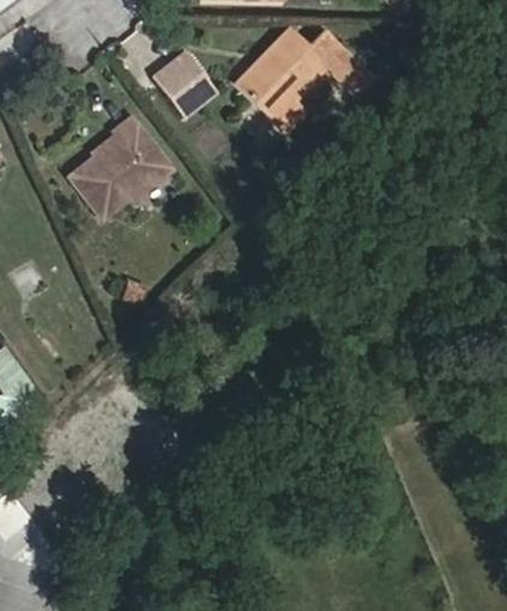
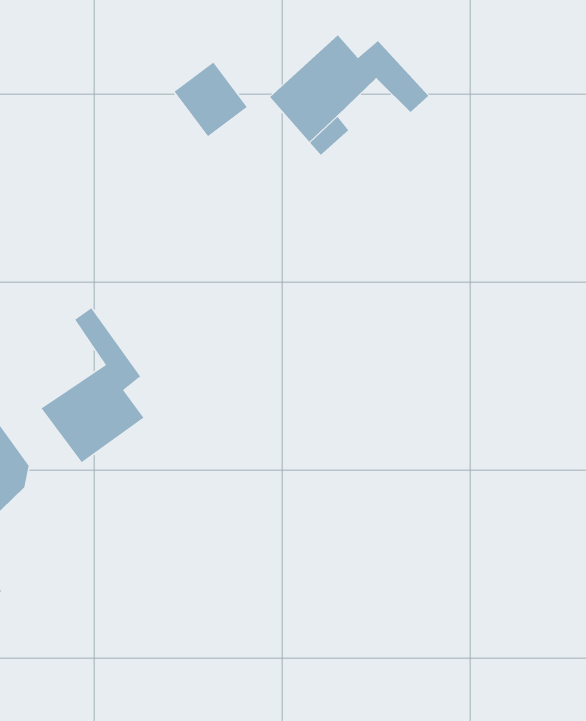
building: [72,117,169,216] -> none
building: none -> [41,307,145,463]

